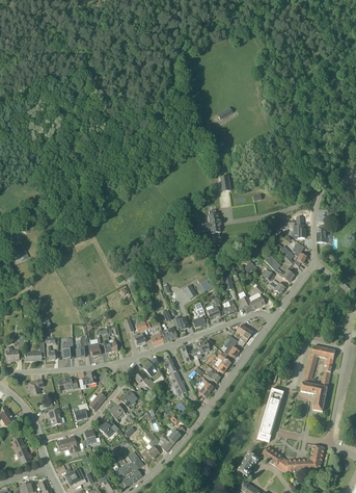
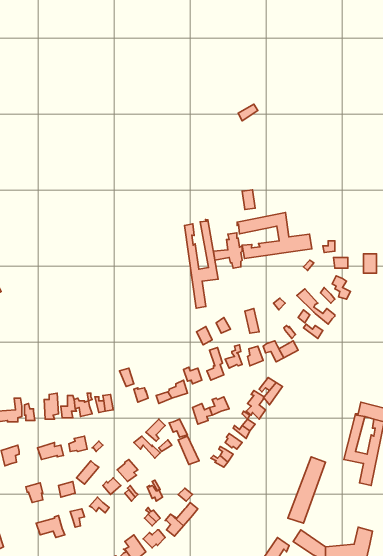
building: none -> [237,212,312,258]
building: none -> [184,219,218,308]

